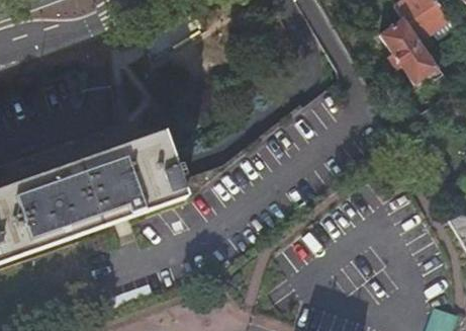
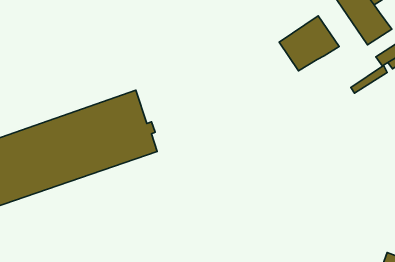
building: none -> [279,16,339,71]

